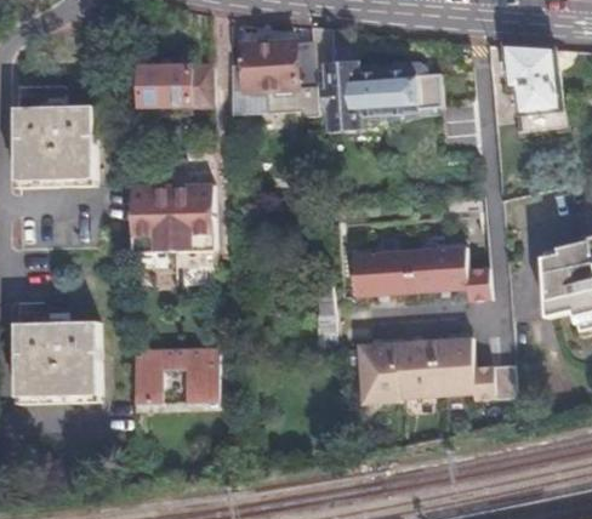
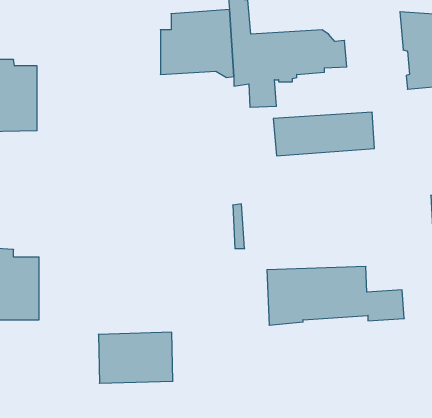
building: [141,63,211,107] -> none
building: [129,189,214,257] -> none
building: [349,243,465,292] -> [273,112,374,156]
building: [131,344,216,403] -> [98,332,173,383]

